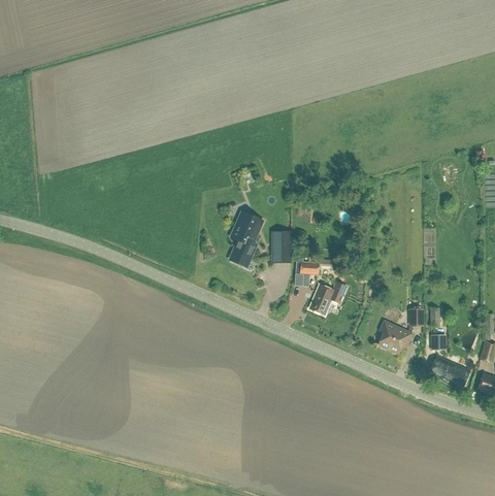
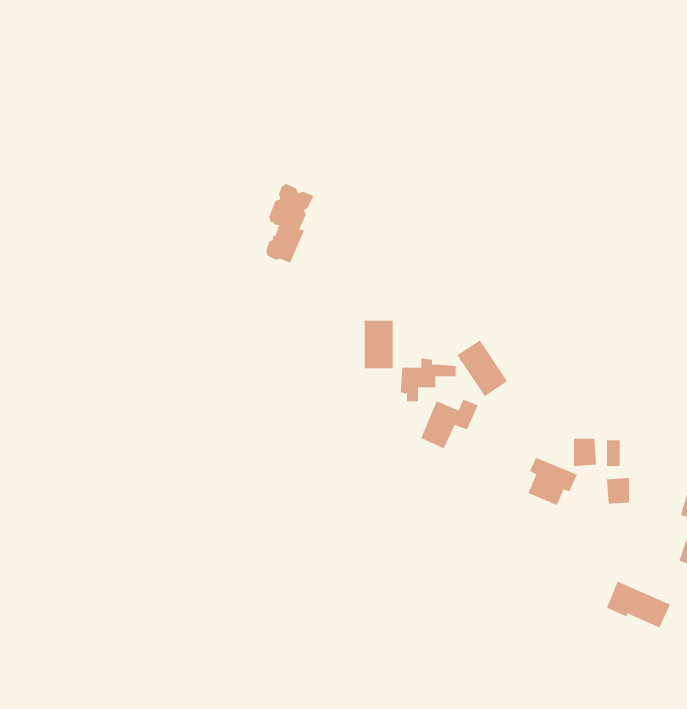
building: [230,212,262,265] -> [265,183,314,264]
building: none -> [456,339,508,397]
building: [428,355,470,386] -> [606,581,671,628]

